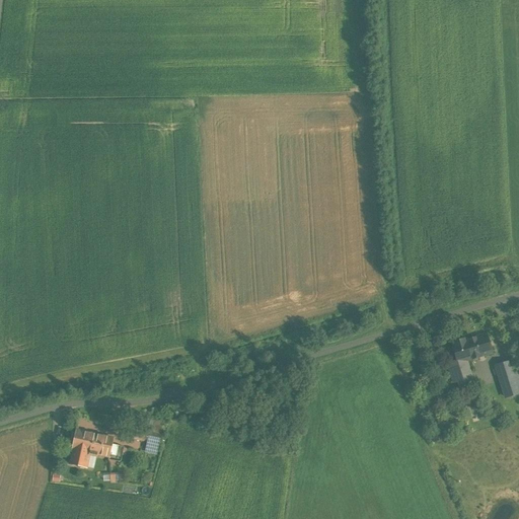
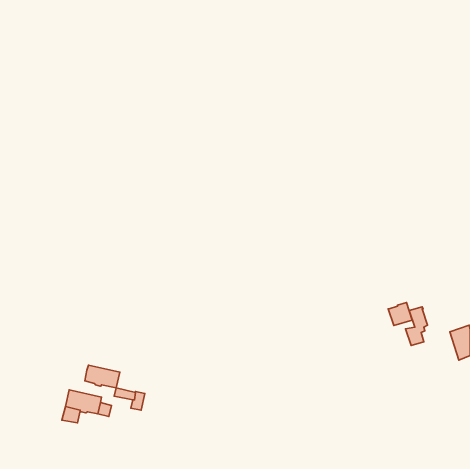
building: [464,332,491,358] -> [388,303,412,326]
building: none -> [85,365,120,388]

